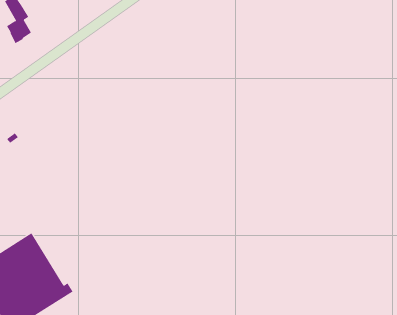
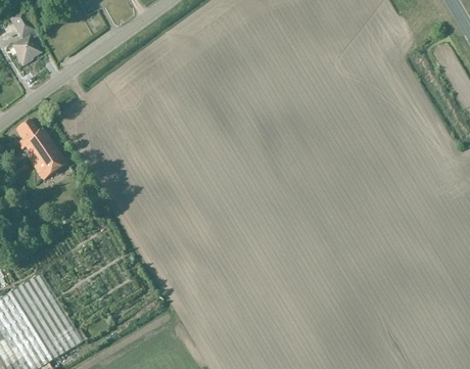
building: none -> [15,118,66,178]

